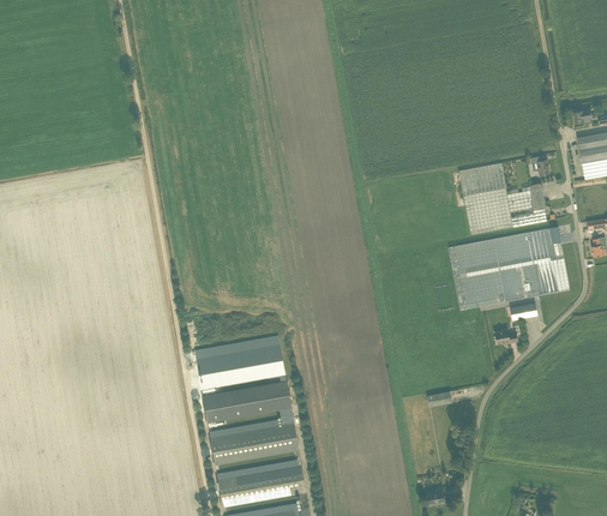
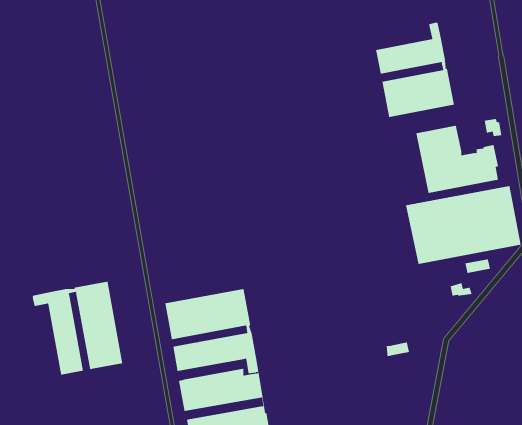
building: none -> [376,22,454,118]
building: none -> [32,281,123,375]

